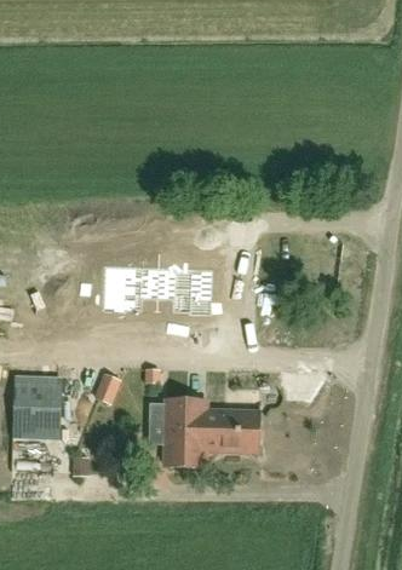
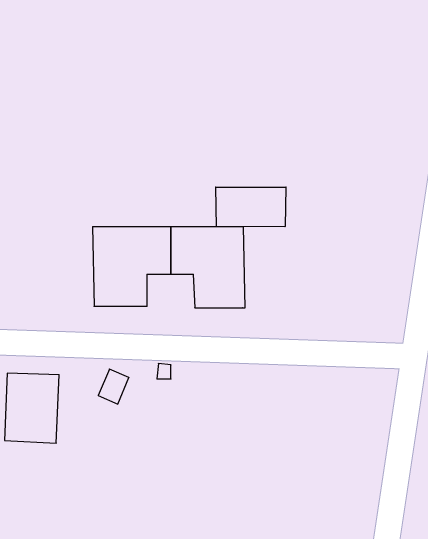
building: none -> [216,187,286,227]
building: [148,399,258,466] -> none

